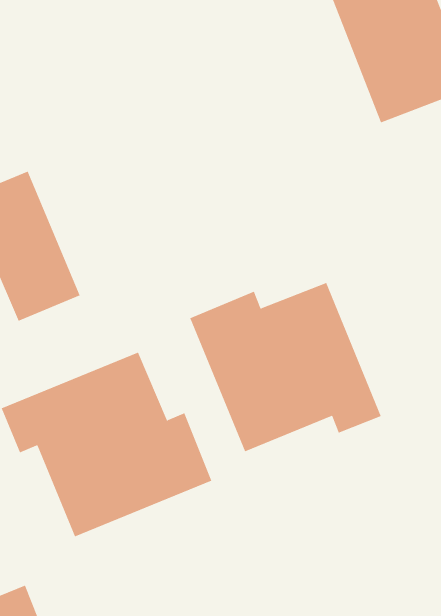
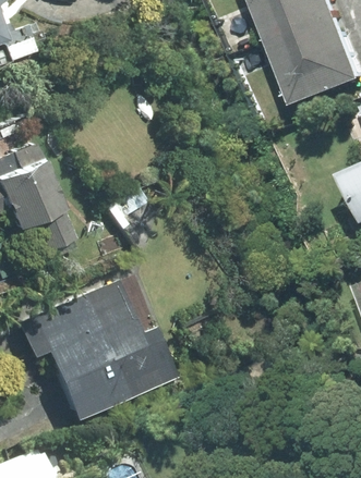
building: [190,282,382,452] -> none

